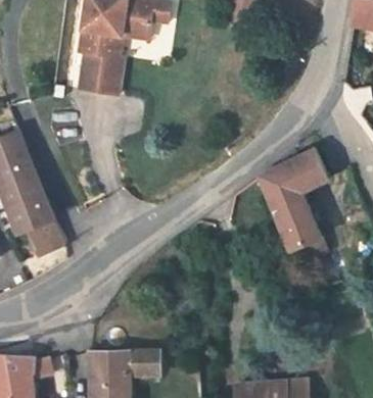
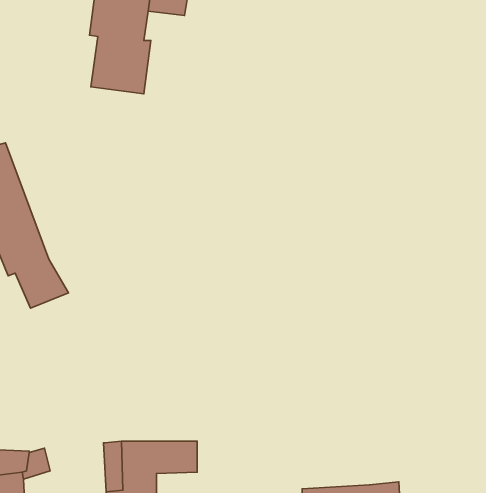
building: [259,149,326,262] -> none

